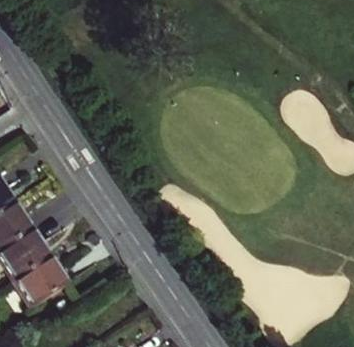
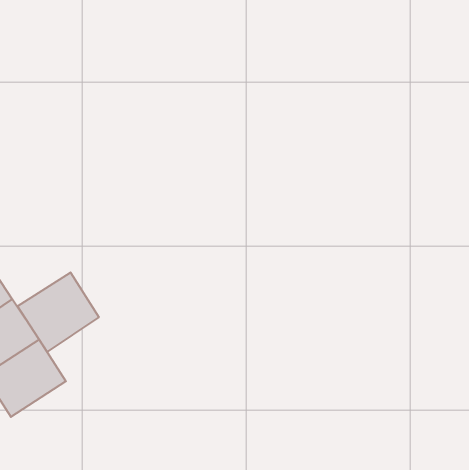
building: none -> [17,272,99,352]

